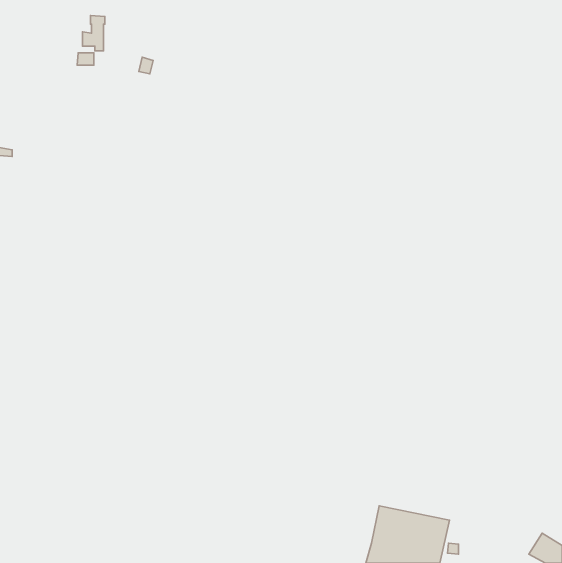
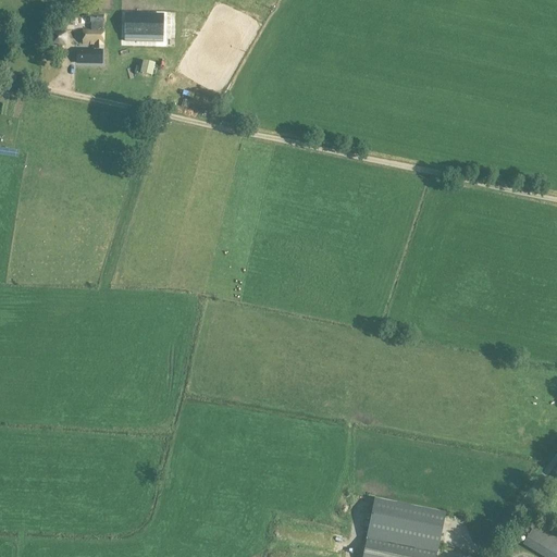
building: none -> [125,16,161,42]

